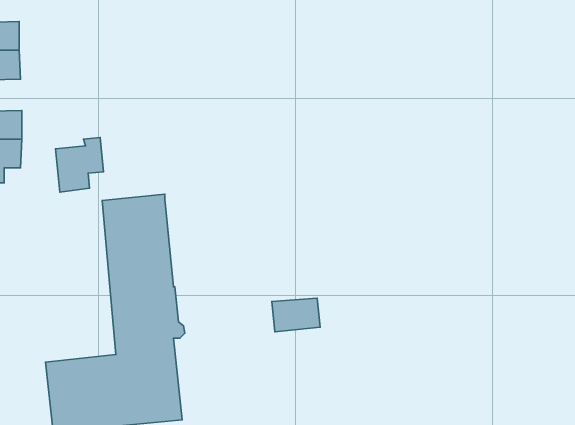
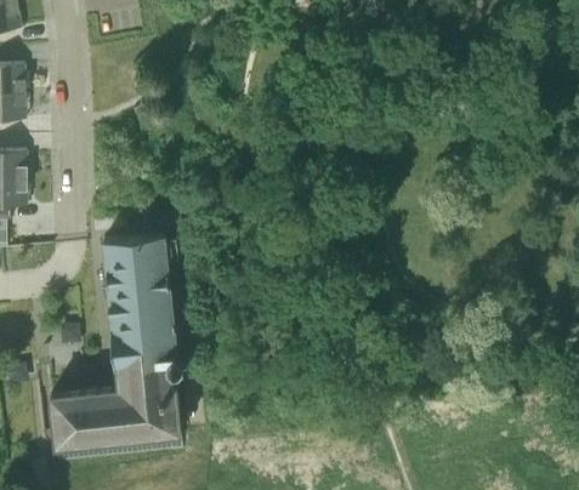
building: [56,137,104,192] -> none
building: [272,298,320,332] -> none

